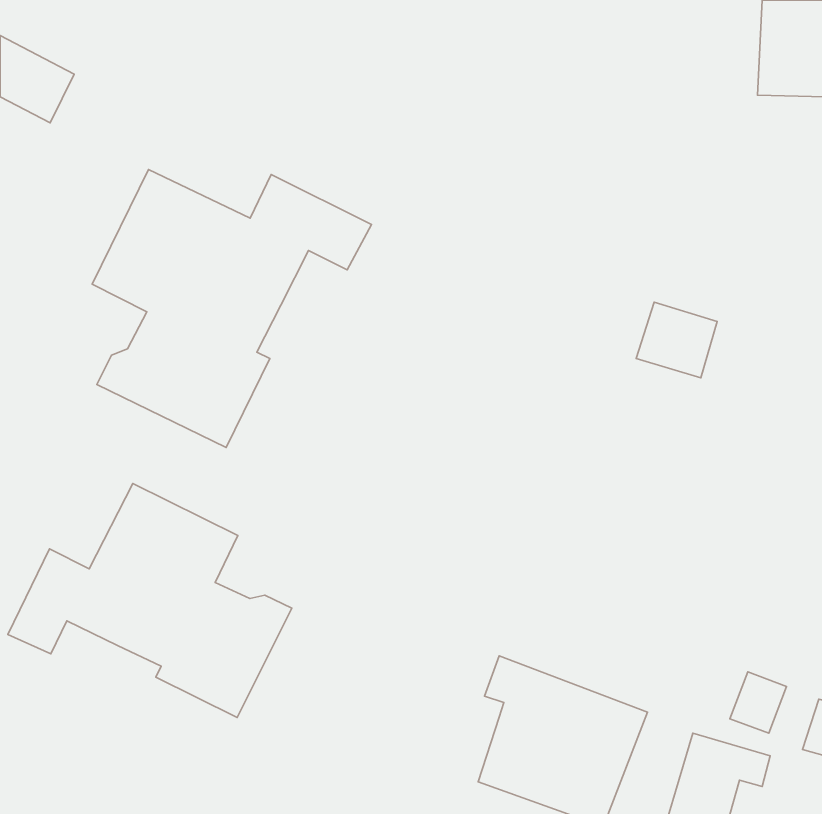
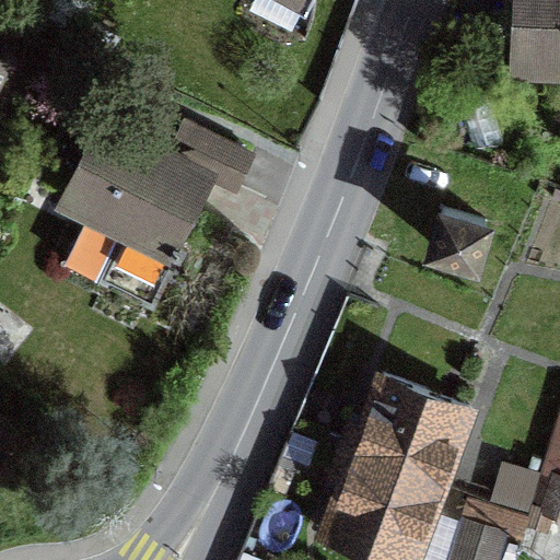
building: [8,484,292,717] -> none
building: none -> [340,378,470,490]

